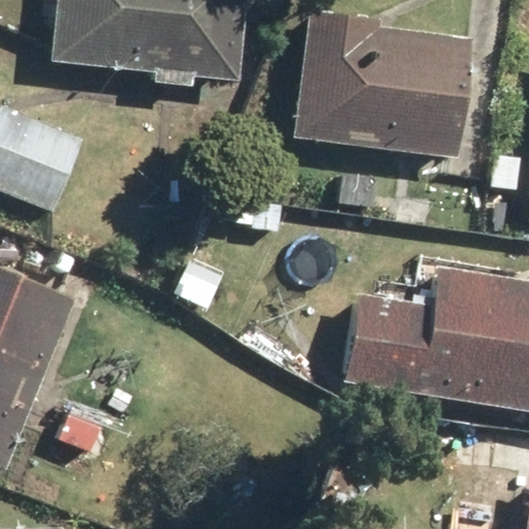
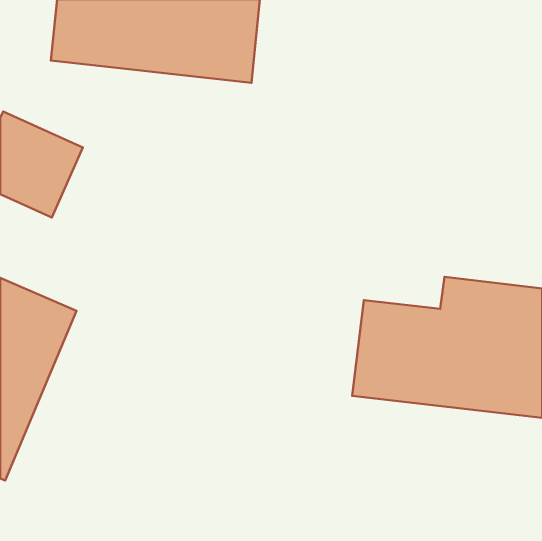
building: [289,24,464,153] -> none

